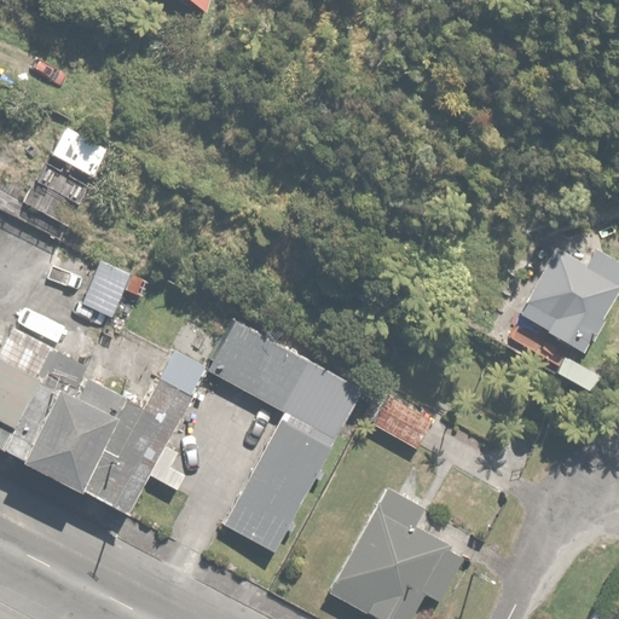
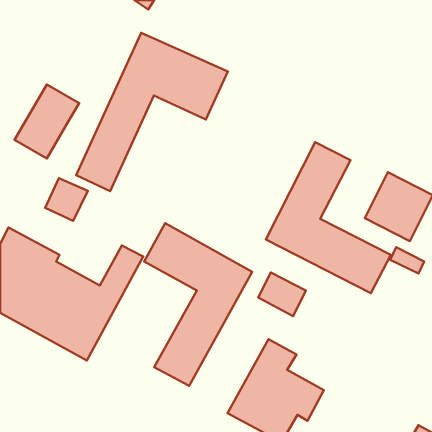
building: none -> [76,33,228,191]
building: none -> [266,142,391,293]

